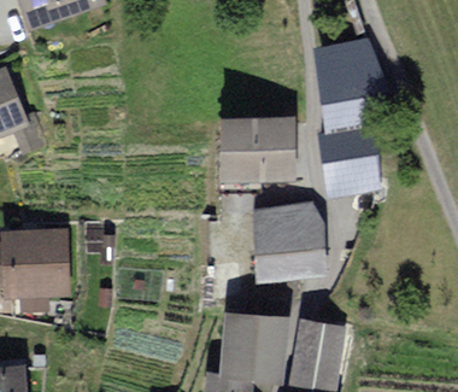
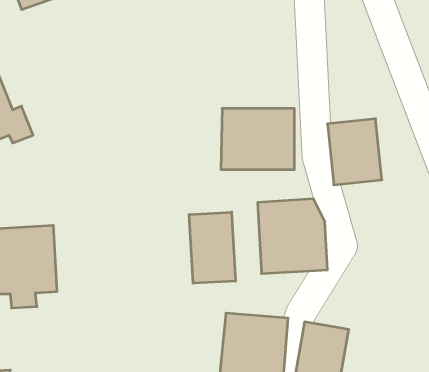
building: [316,41,387,124] -> none
building: none -> [189,212,236,283]

